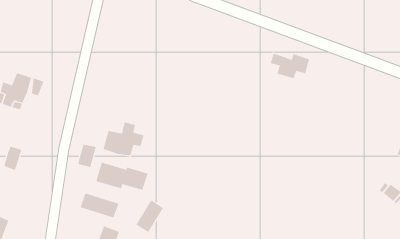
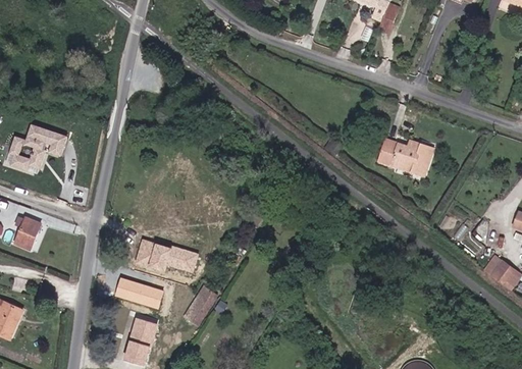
building: [270,53,310,79] -> [373,141,423,173]
building: [103,121,144,156] -> none
building: [78,144,96,168] -> none

